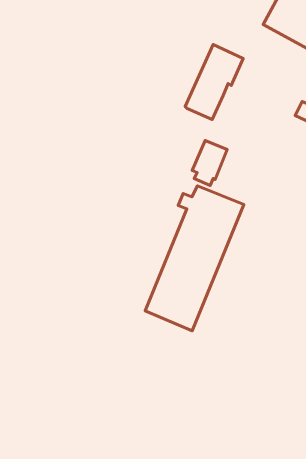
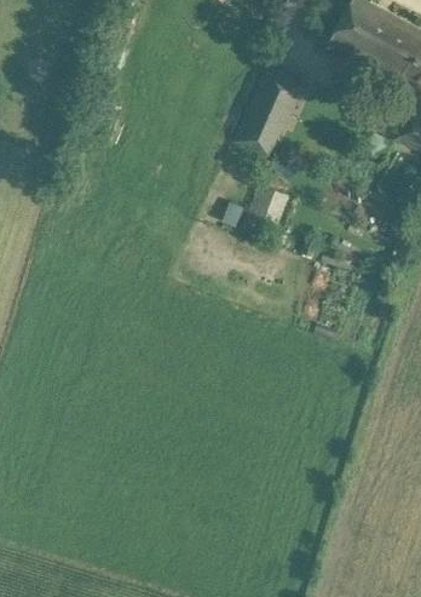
building: [145,186,244,331] -> none

